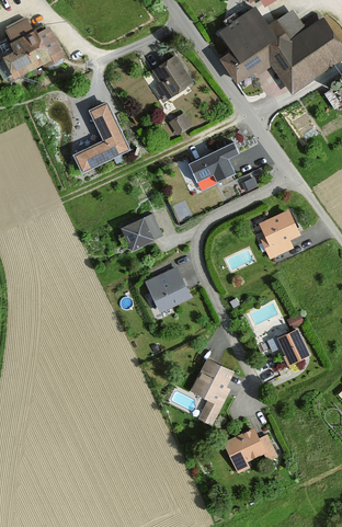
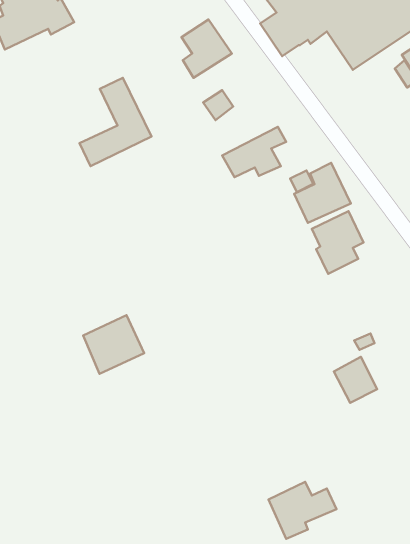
building: none -> [294,163,351,223]
building: [121,213,163,251] -> none
building: [144,265,193,312] -> [83,315,144,374]
building: [190,357,235,425] -> none

